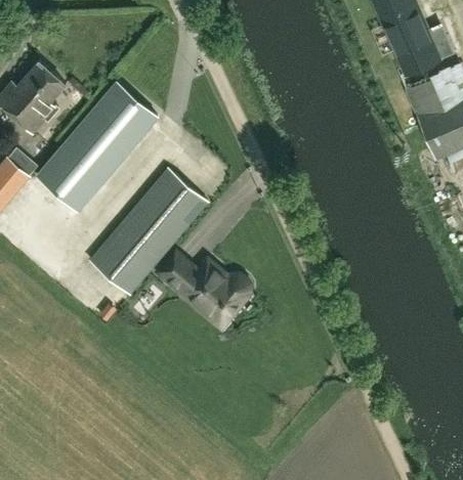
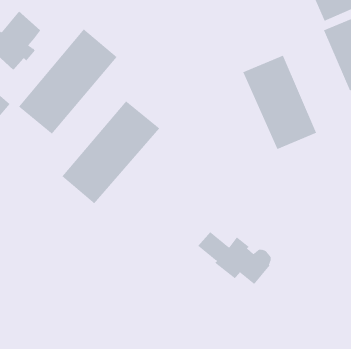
building: none -> [243,55,317,150]
building: [159,255,248,319] -> [198,231,272,285]

